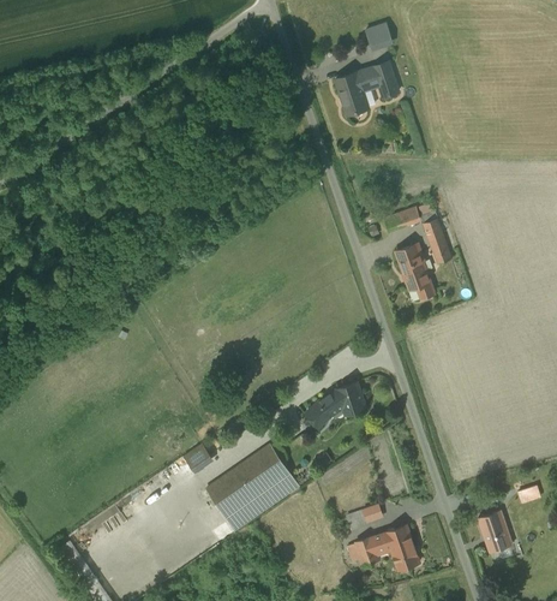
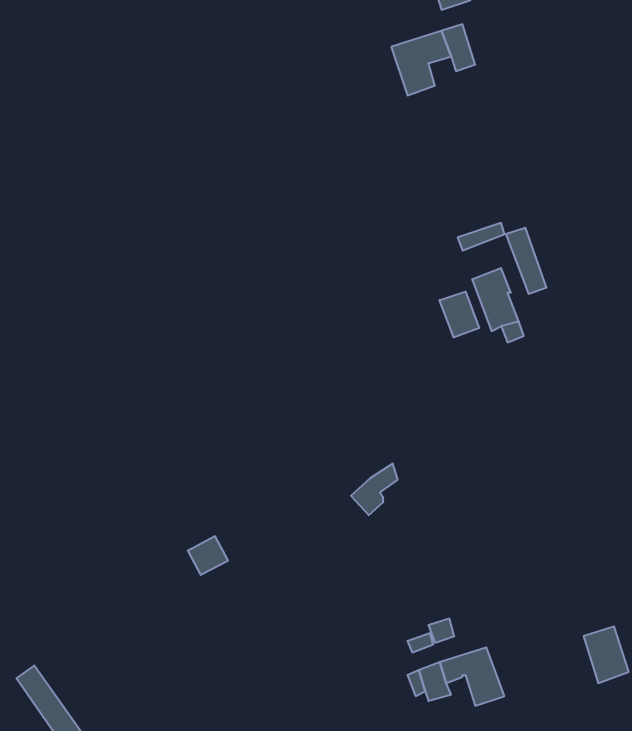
building: none -> [439,292,479,338]
building: [336,382,365,415] -> none
building: [206,446,298,530] -> none

